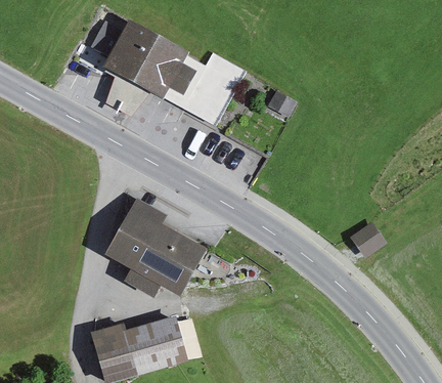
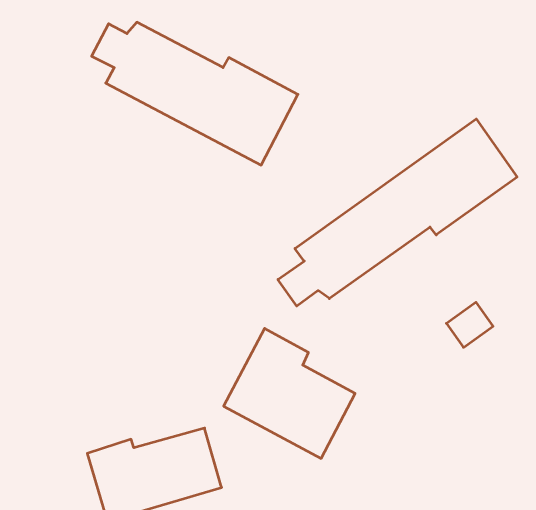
building: none -> [278,119,517,306]
building: [105,199,201,293] -> [224,328,355,458]

